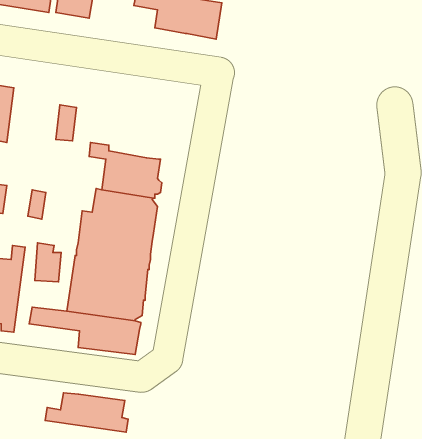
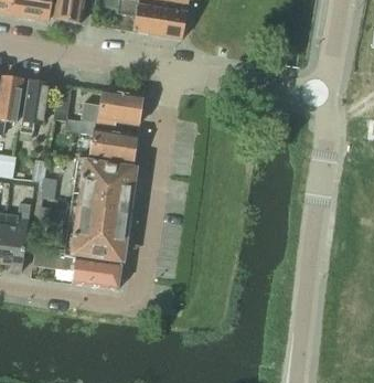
building: none -> [20,78,49,130]
building: none -> [82,89,145,125]
building: [45,393,128,432] -> none

